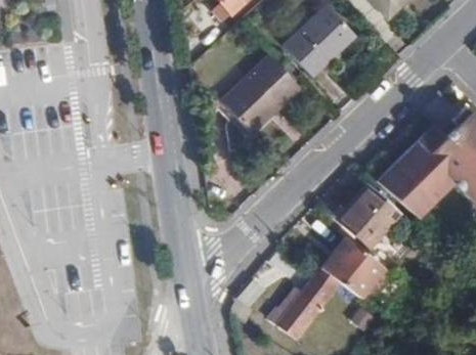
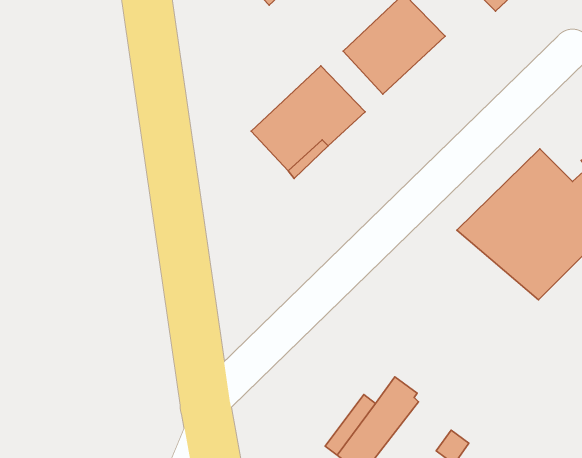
building: [338,184,400,247] -> none
building: [320,237,384,299] -> none

